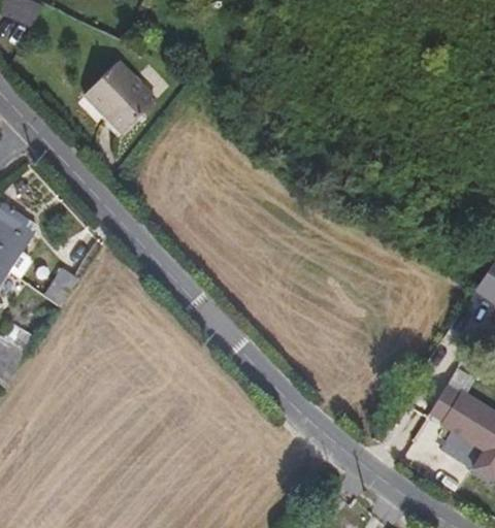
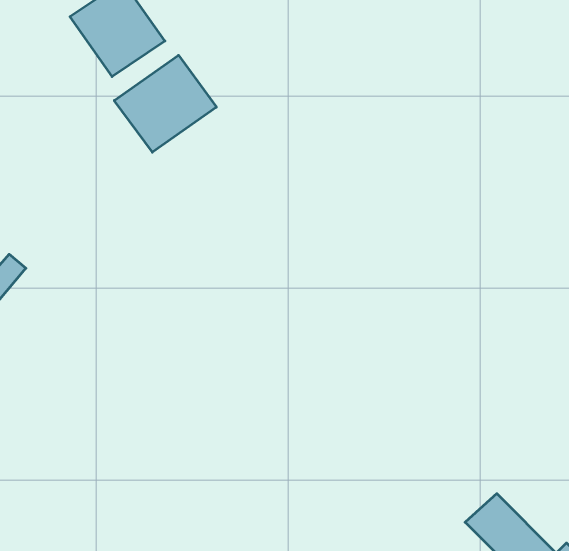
building: none -> [114,55,216,152]

